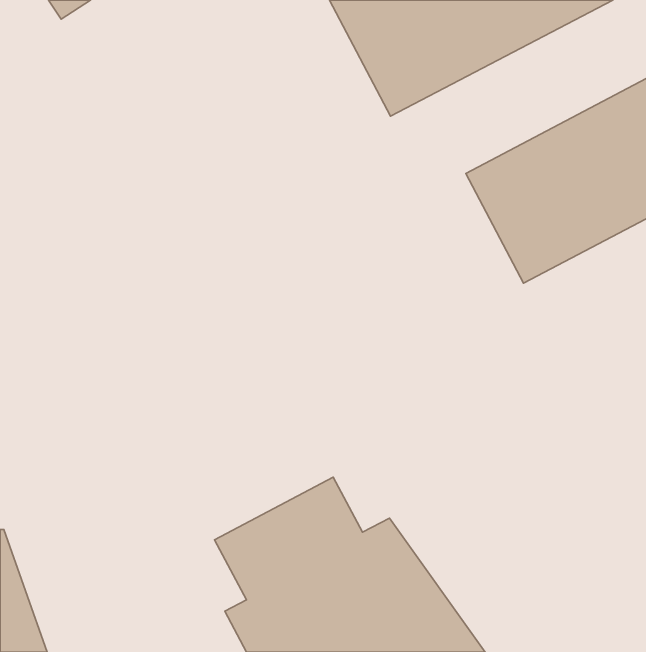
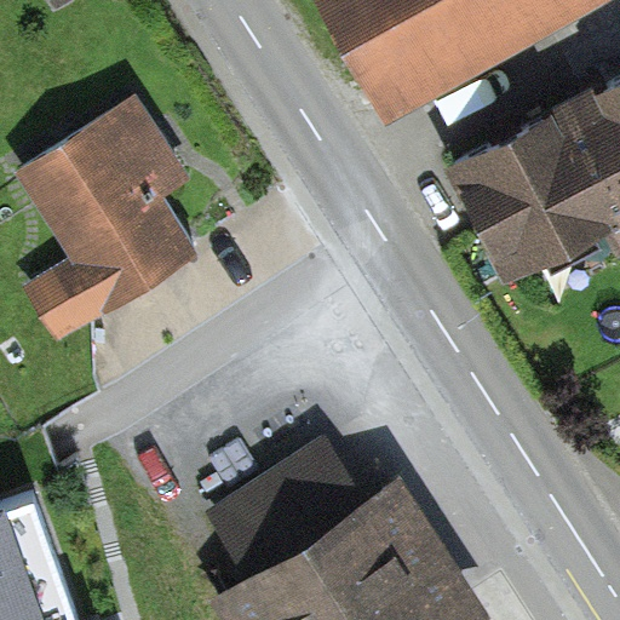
building: none -> [11,94,207,323]

